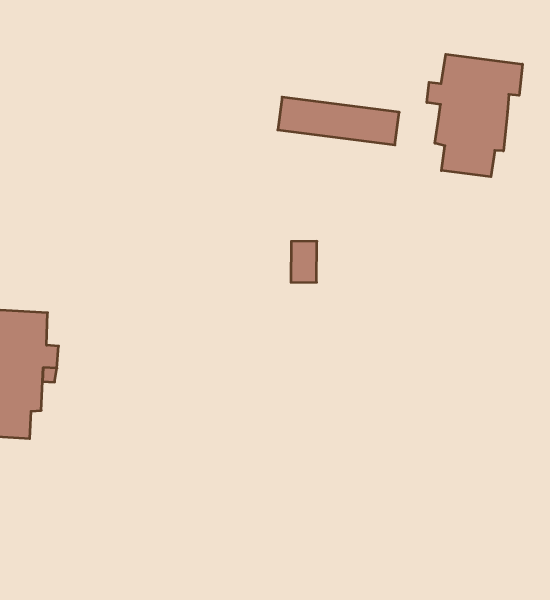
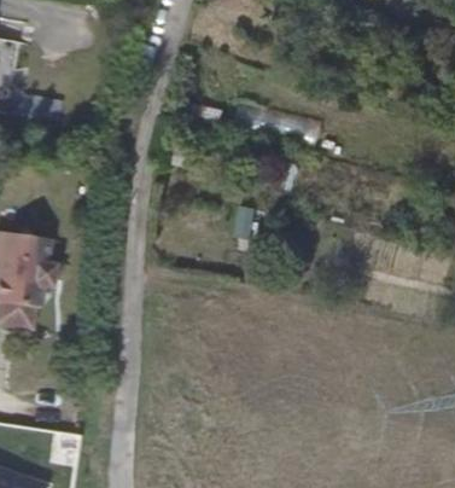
building: [427,54,522,177] -> none

